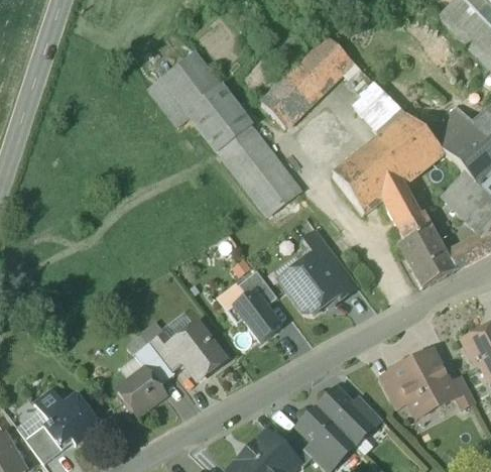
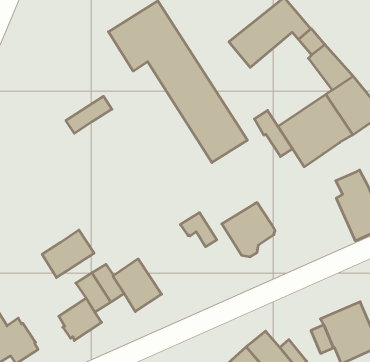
building: [261,88,298,126] -> none
building: none -> [66,96,112,133]
building: [382,185,418,225] -> none
building: [303,229,346,276] -> [254,110,293,157]
building: [227,289,281,341] -> none
building: none -> [42,230,94,278]

